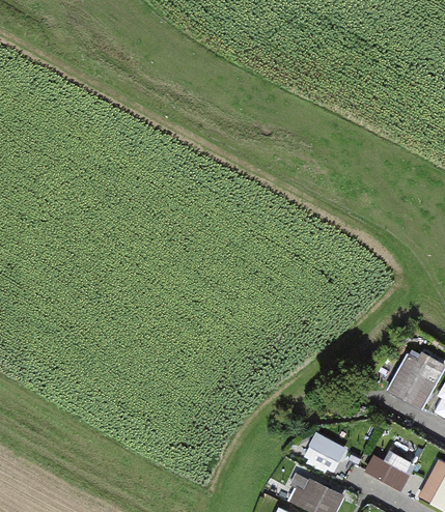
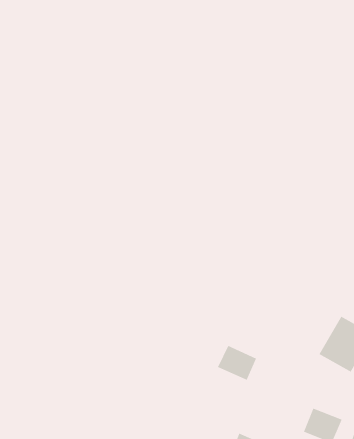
building: [304,433,346,472] -> [217,345,257,381]

